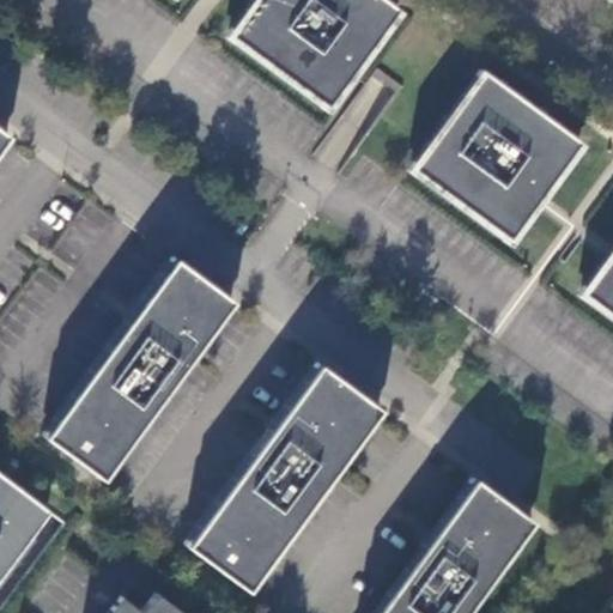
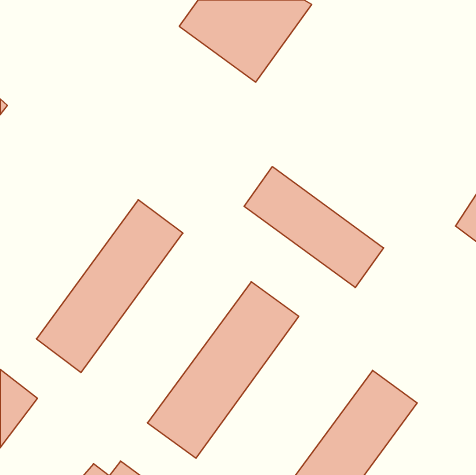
building: [414,69,583,239] -> none
building: none -> [244,167,384,288]

